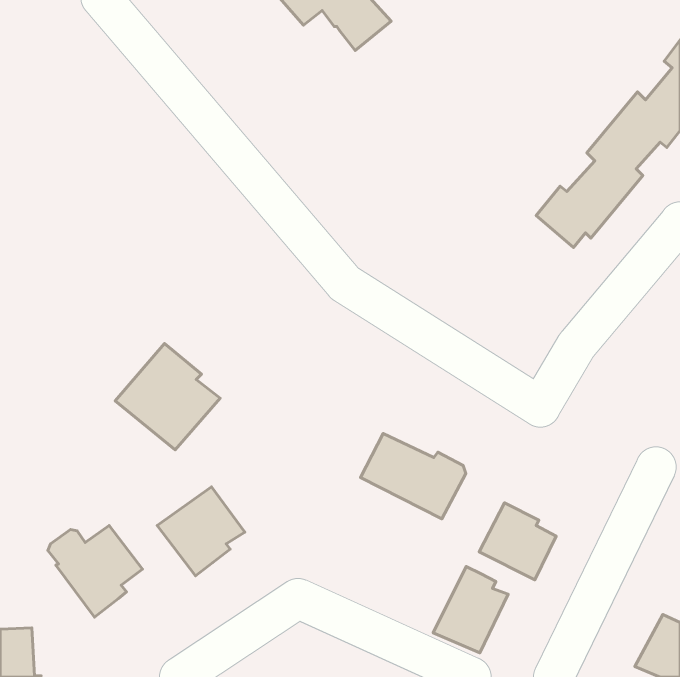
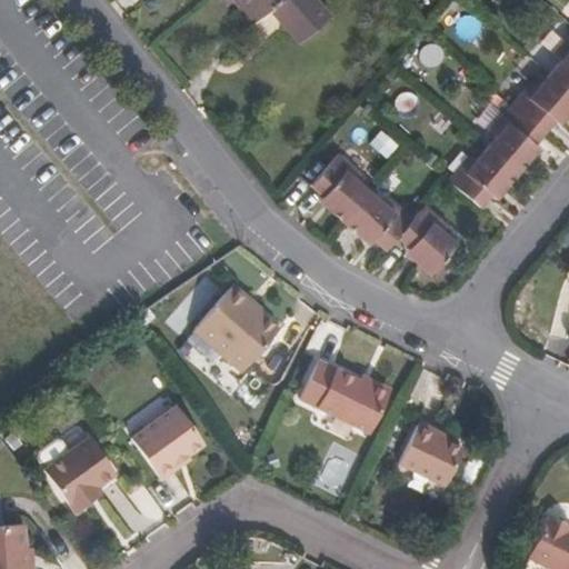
building: none -> [309,153,458,274]
building: [115,344,220,450] -> [194,283,282,372]
building: [433,566,508,653] -> none

